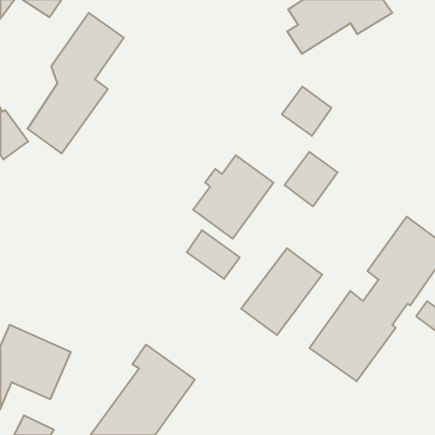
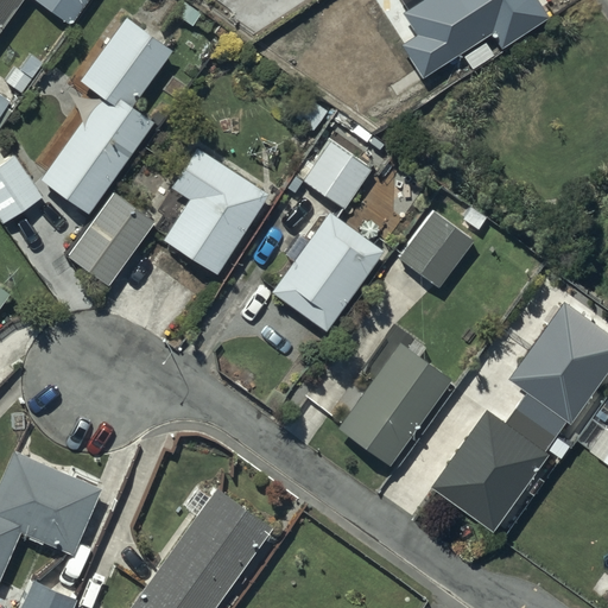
building: [282,87,331,136] -> [304,141,373,210]
building: none -> [163,148,268,276]
building: none -> [68,194,153,284]
building: [187,230,240,279] -> none

